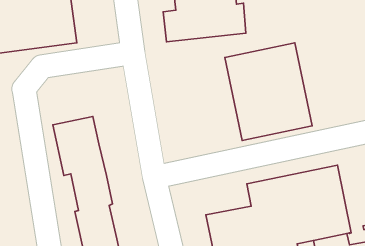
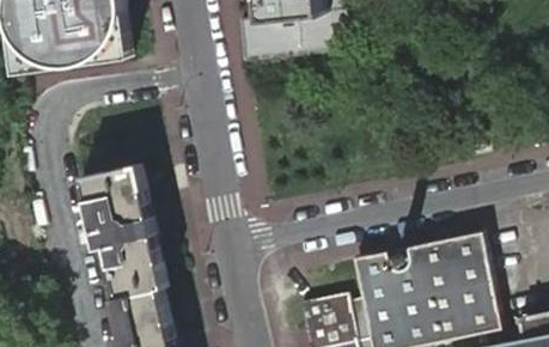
building: [225,43,312,141] -> none

